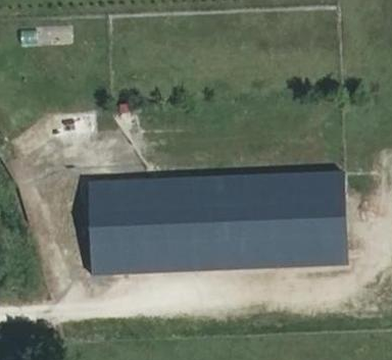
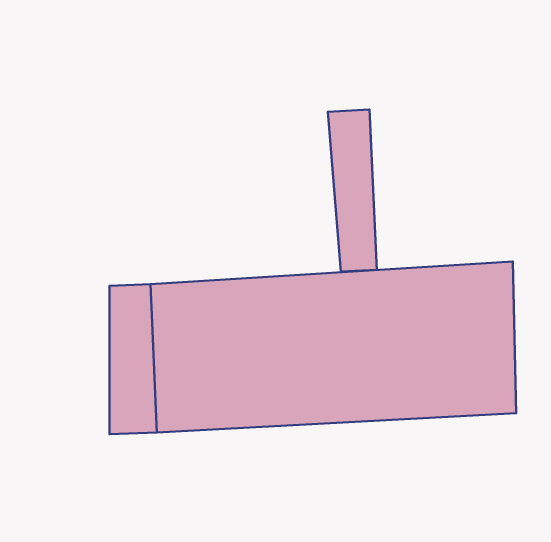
building: none -> [328,110,377,272]

